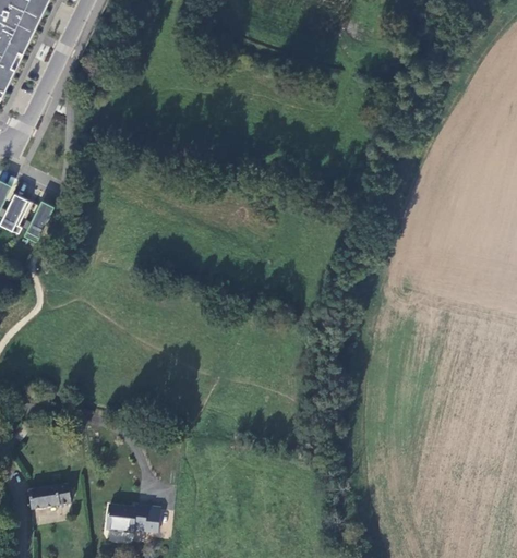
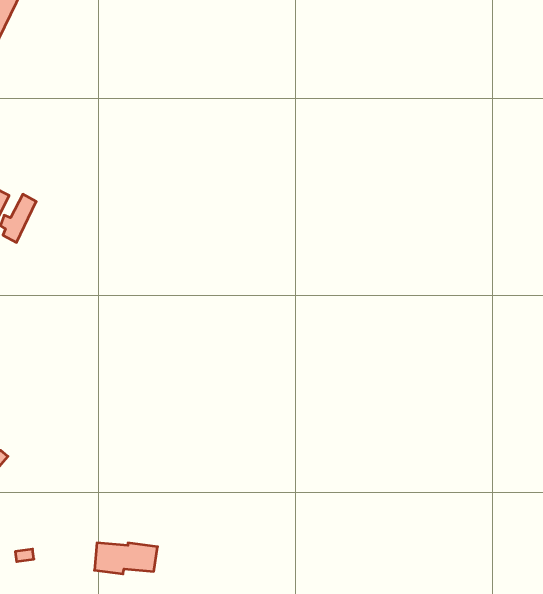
building: [27,484,70,509] -> none

